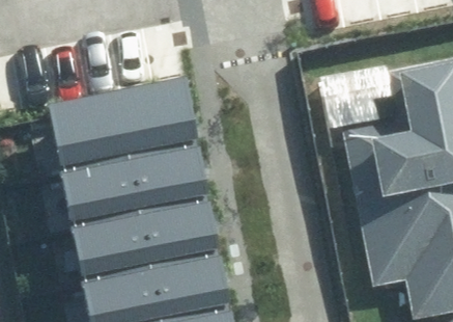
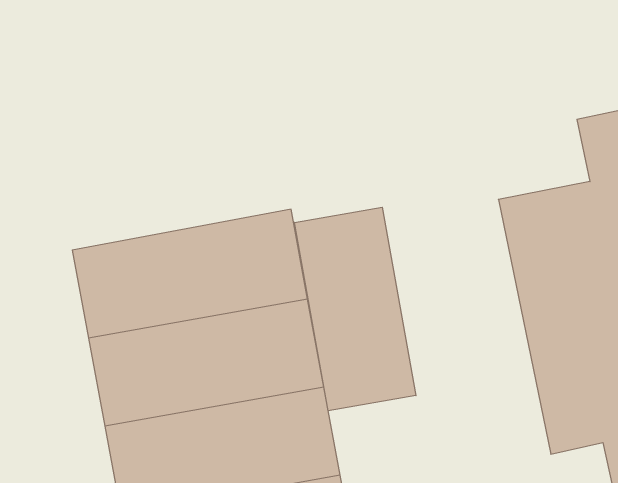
building: [53,79,202,161] -> none
building: none -> [294,207,416,411]

